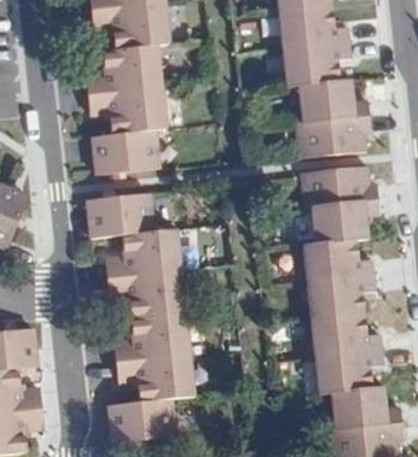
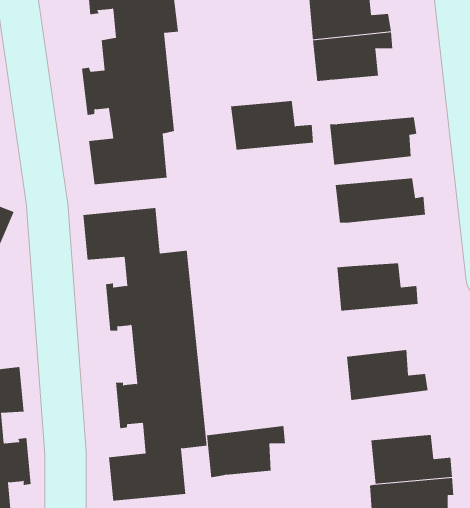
building: [298,80,370,122] -> [230,100,314,150]
building: [312,199,381,242] -> none
building: [307,275,376,320] -> none
building: [315,348,383,393] -> [206,425,286,478]

